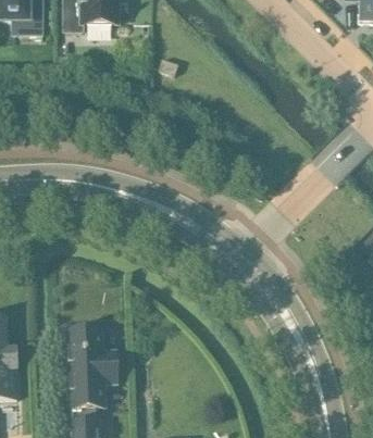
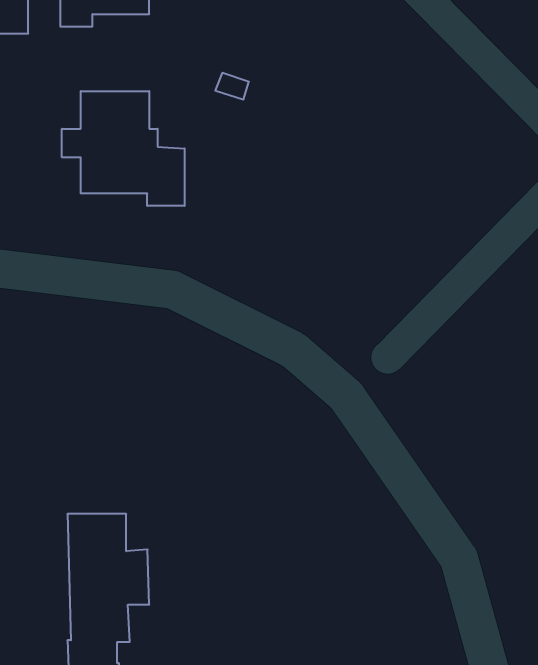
building: none -> [62,91,185,206]

